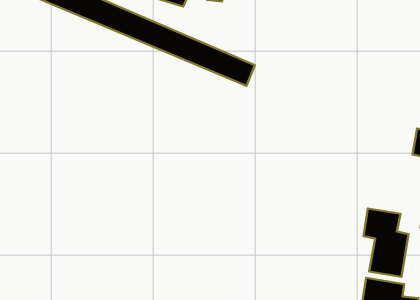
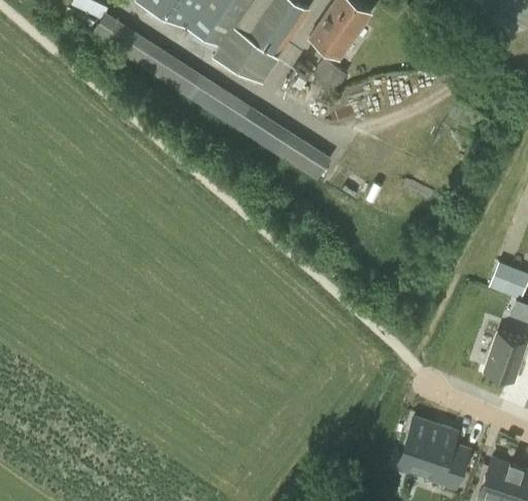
building: [363,208,409,277] -> none

